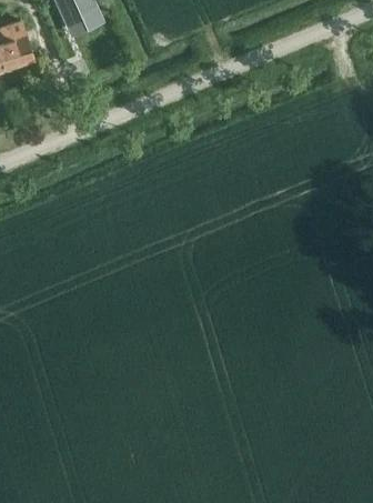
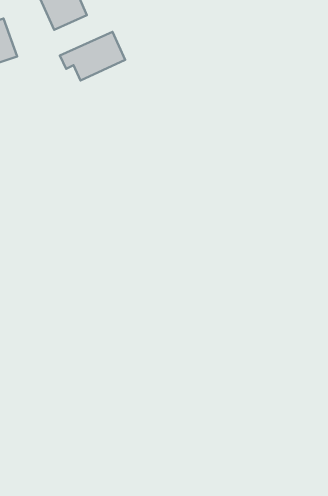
building: none -> [60,32,125,81]

